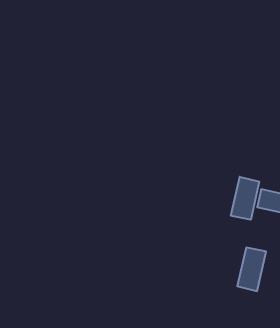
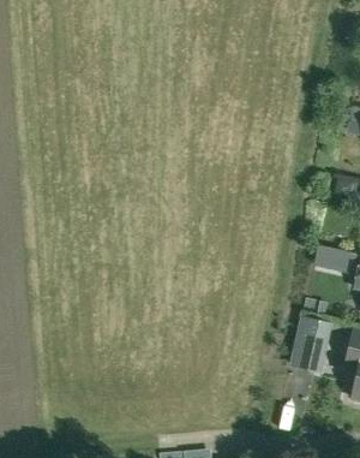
building: [231,177,259,220] -> none

